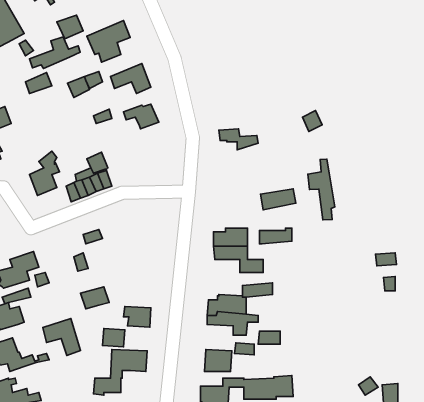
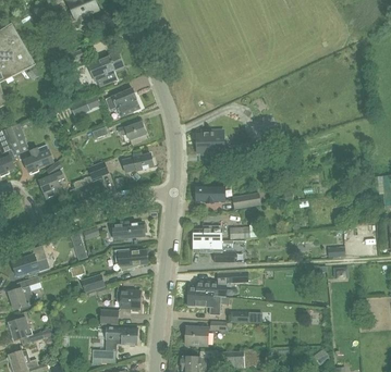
building: [30,37,80,68] -> none
building: none -> [196,128,228,149]
building: none -> [23,148,53,174]
building: none -> [121,152,152,172]
building: [308,159,335,220] -> none
building: none -> [196,186,224,202]
building: none -> [112,221,146,239]
building: none -> [113,248,146,271]
building: [43,319,80,356] -> none

